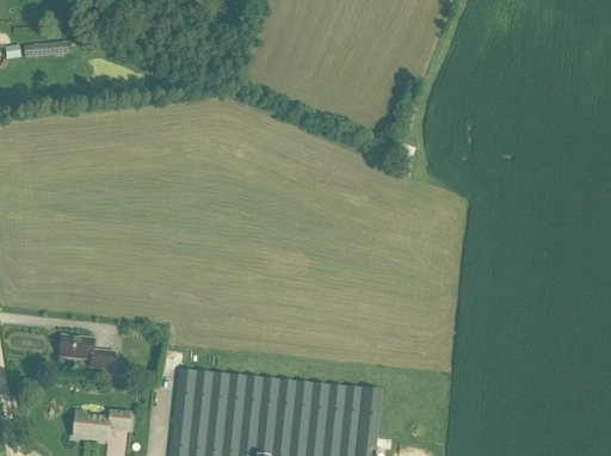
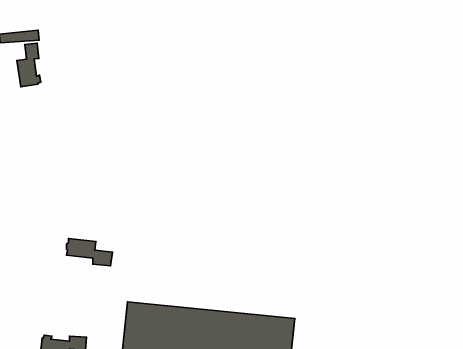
building: none -> [17,43,41,87]
building: [58,334,115,368] -> [66,238,113,266]

